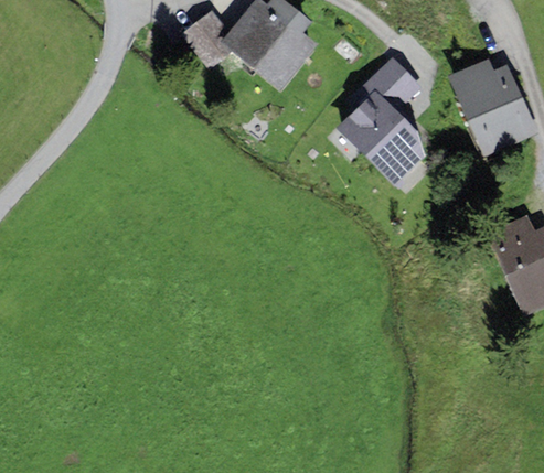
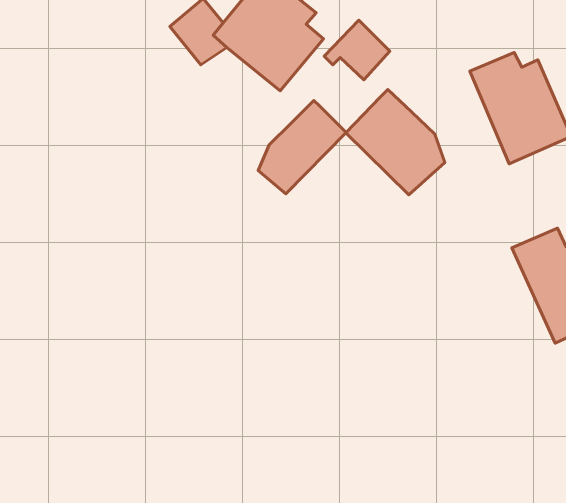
building: [361,57,419,110] -> [324,20,390,80]
building: none -> [258,101,346,194]

